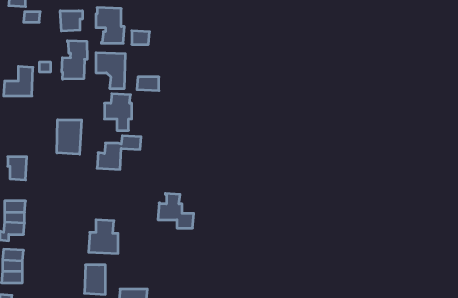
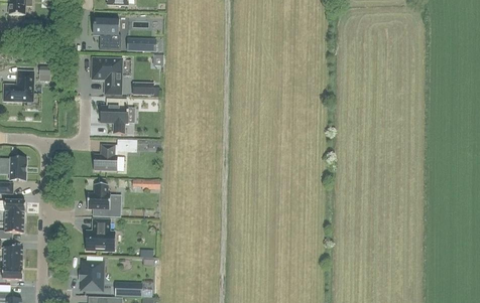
building: [60,11,82,31] -> none
building: [62,41,87,79] -> none
building: [57,120,82,154] -> none
building: [158,193,194,228] -> [87,184,121,217]

